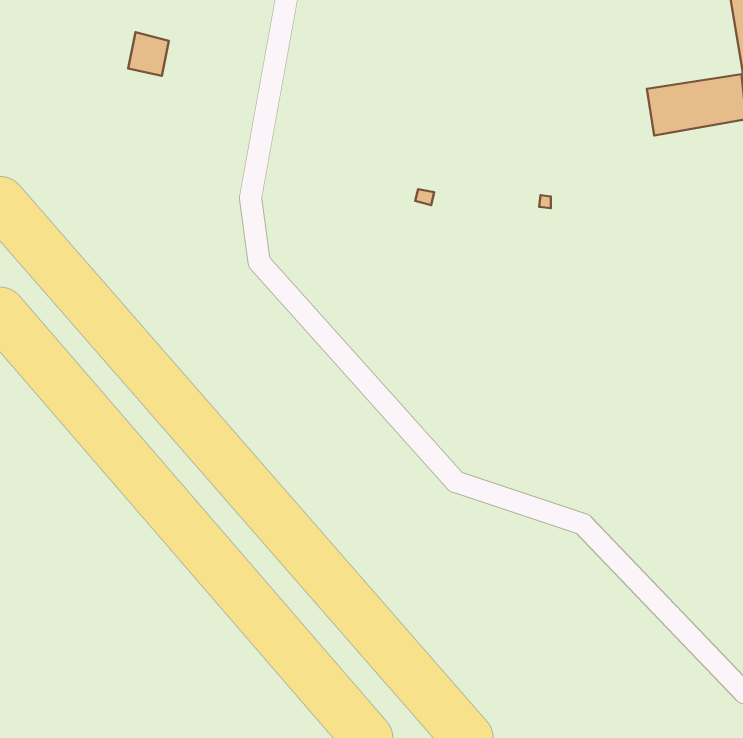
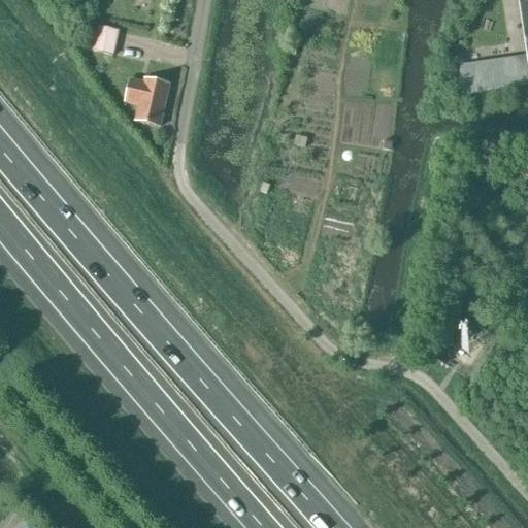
building: none -> [126,76,170,124]

